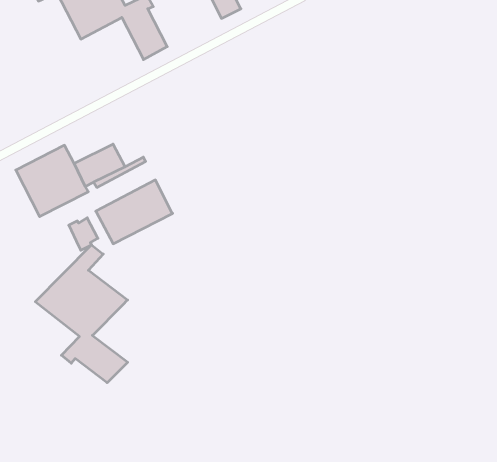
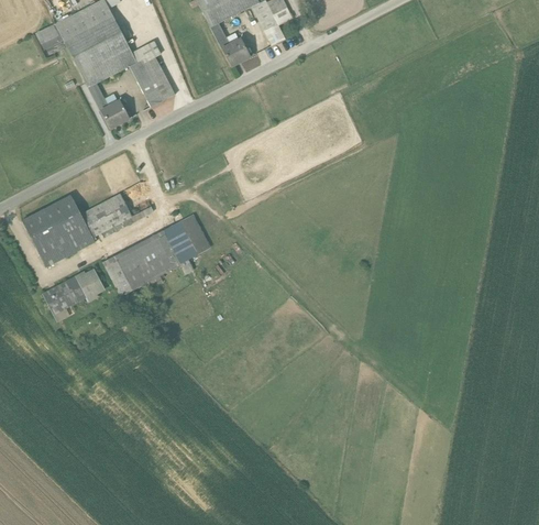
building: none -> [88,83,130,128]
building: none -> [164,214,211,262]
building: none -> [43,275,86,313]
building: [35,245,128,383] -> none

